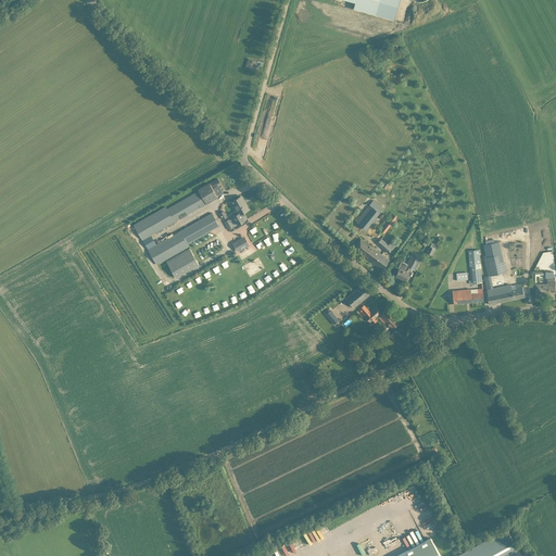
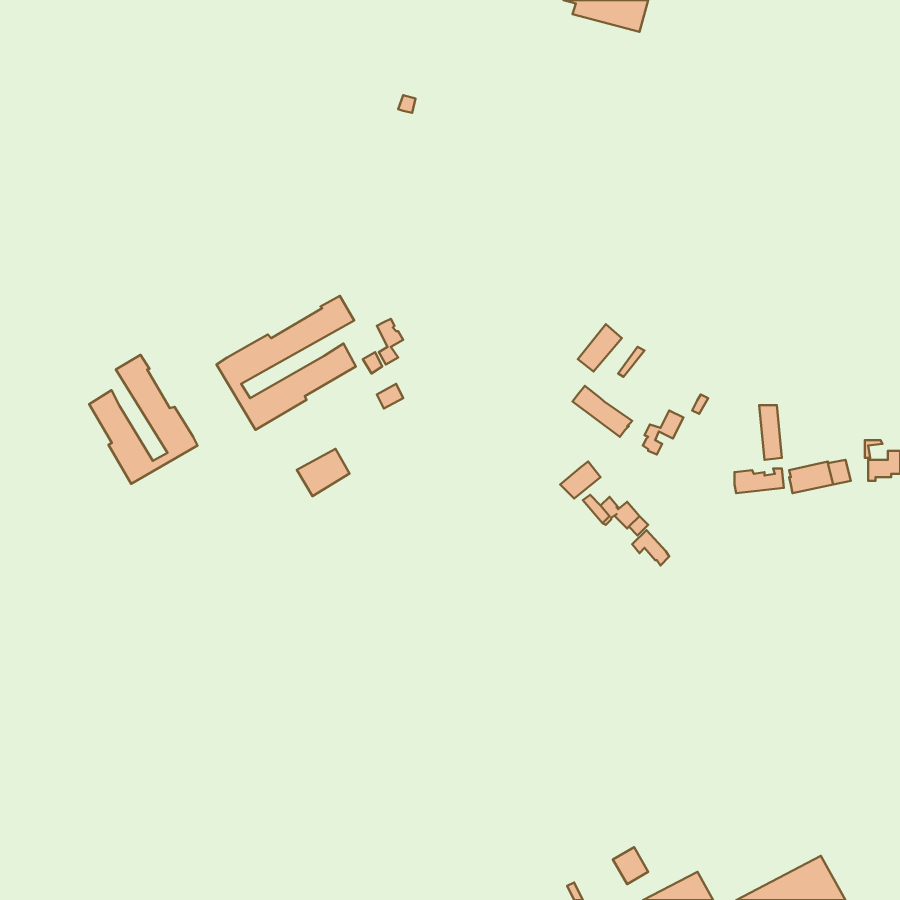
building: none -> [89,355,197,484]
building: [483,239,506,289] -> none
building: [166,249,199,278] -> [297,449,350,496]

